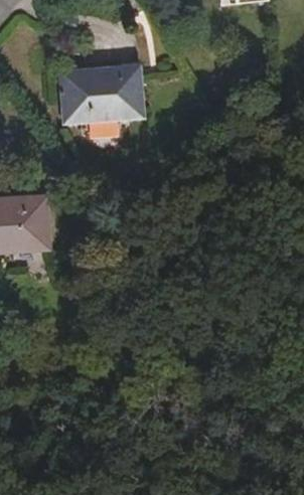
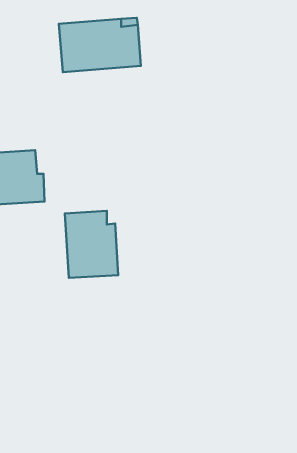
building: none -> [65,211,118,278]

